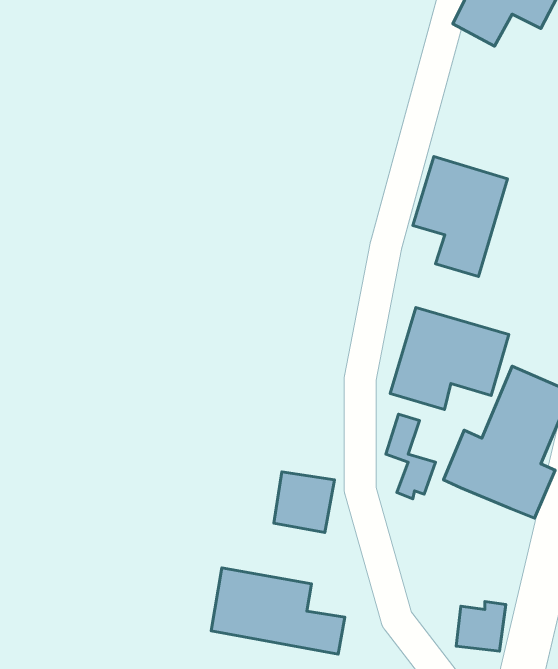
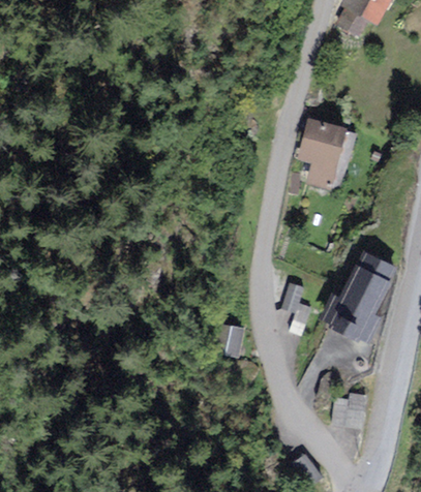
building: [390,308,509,410] -> none
building: [211,568,345,654] -> none

